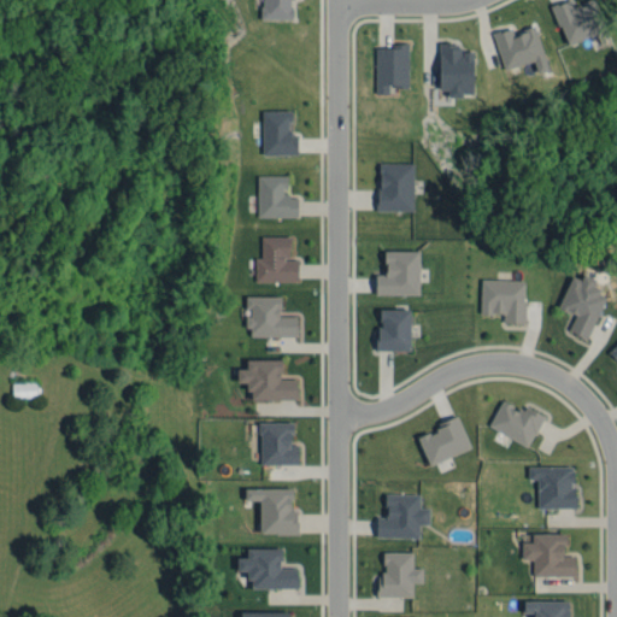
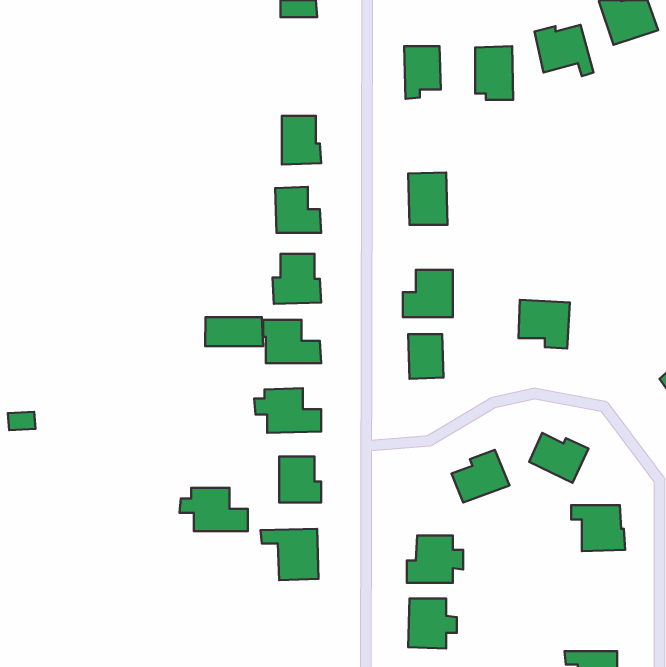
building: [560,275,607,340] -> none
building: none -> [205,317,263,346]
building: [523,534,577,577] -> none
building: [237,550,300,589] -> [179,488,248,531]

